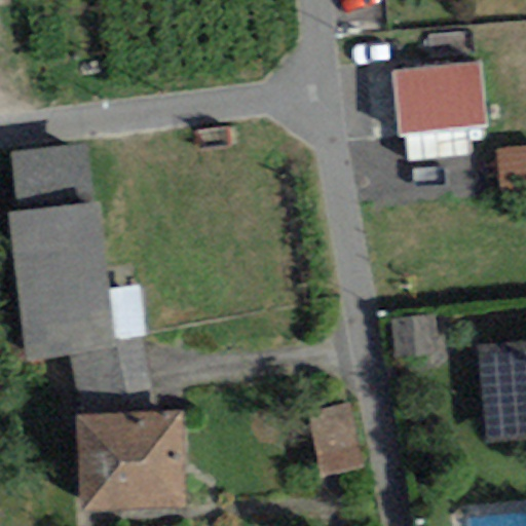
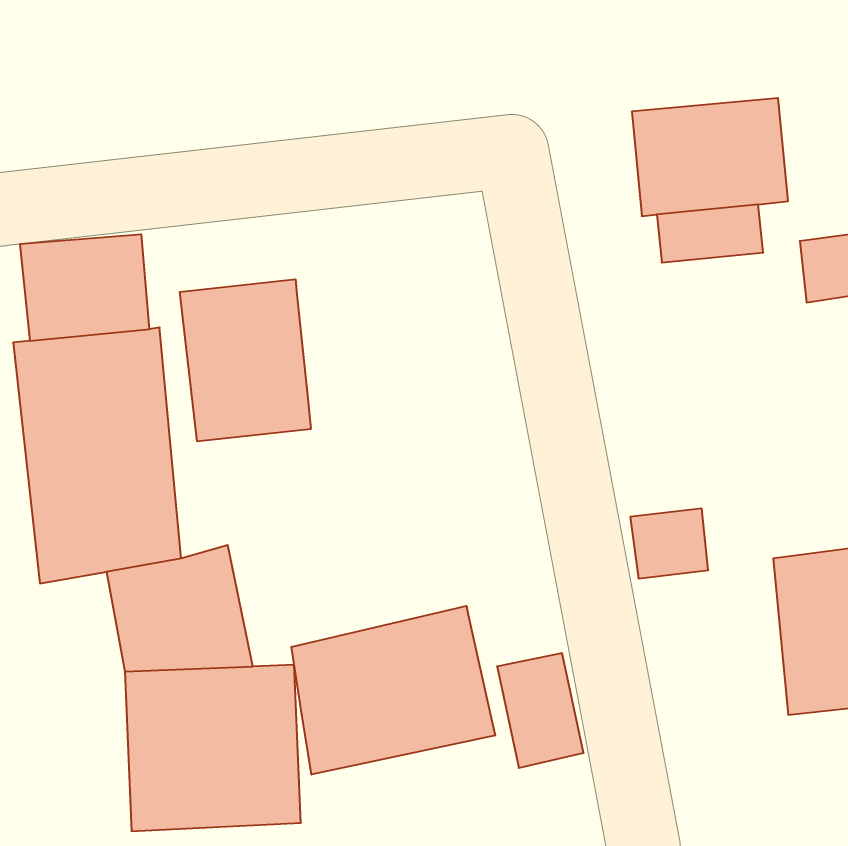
building: none -> [180,279,311,441]
building: none -> [292,606,495,775]

